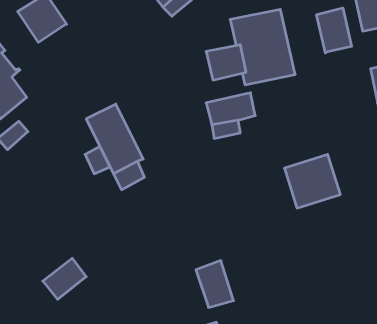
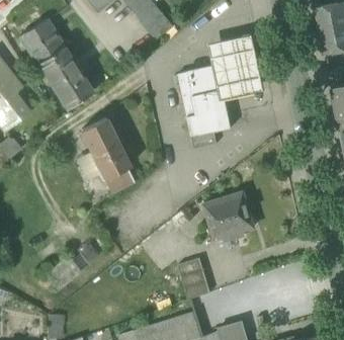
building: [317,8,352,53] -> none
building: none -> [37,48,91,108]
building: none -> [178,72,226,117]
building: [284,154,340,208] -> [204,192,254,240]

